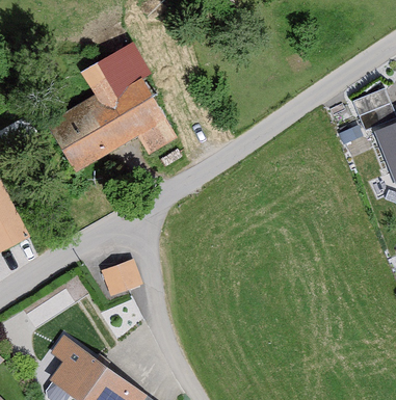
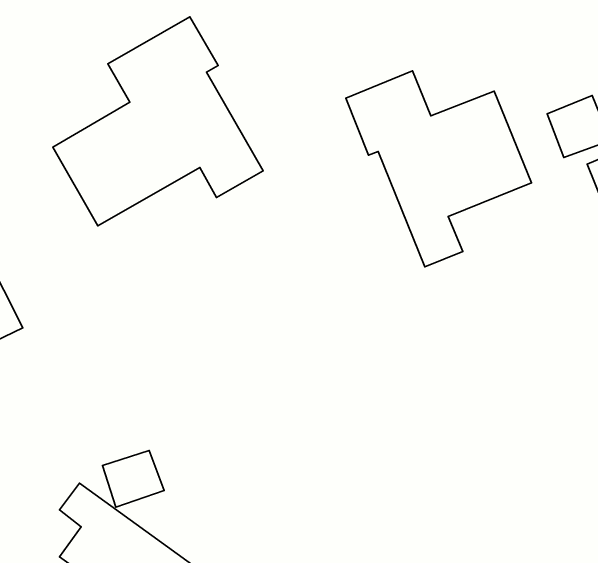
building: none -> [346,71,531,267]
building: [101,259,139,294] -> [102,450,164,507]

